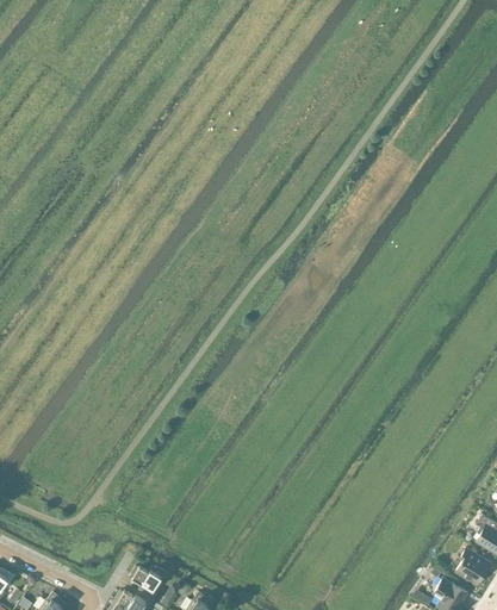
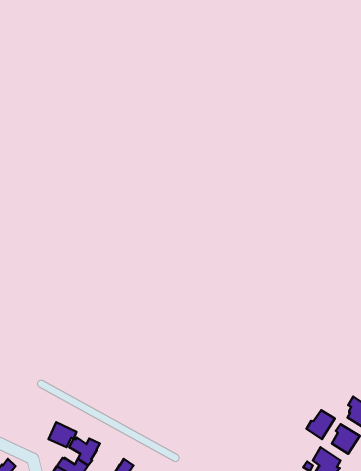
building: none -> [307,410,335,439]
building: none -> [49,422,76,447]

